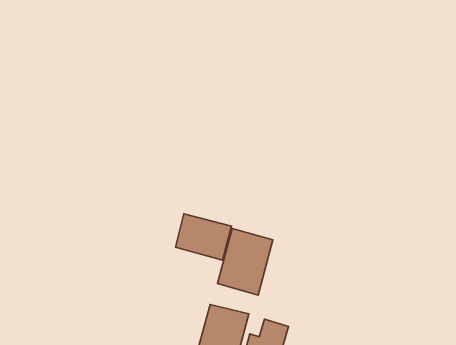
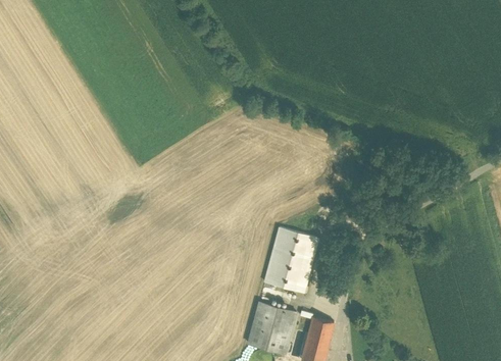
building: [175,214,232,260] -> none

